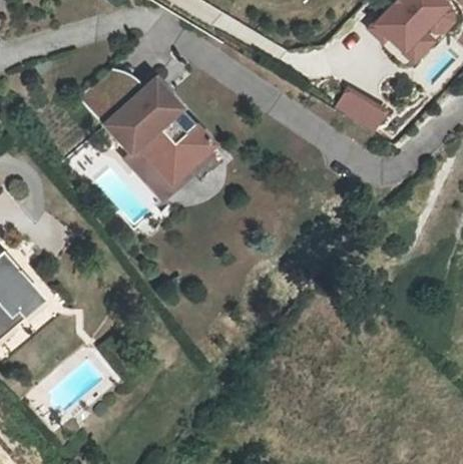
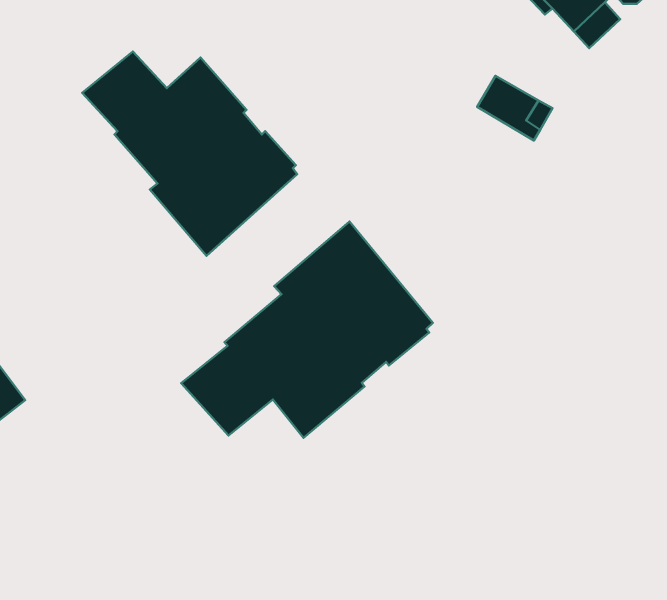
building: none -> [181,221,433,438]

